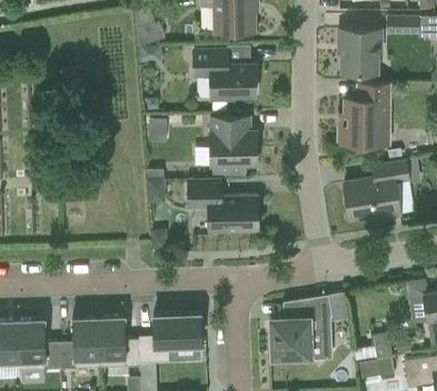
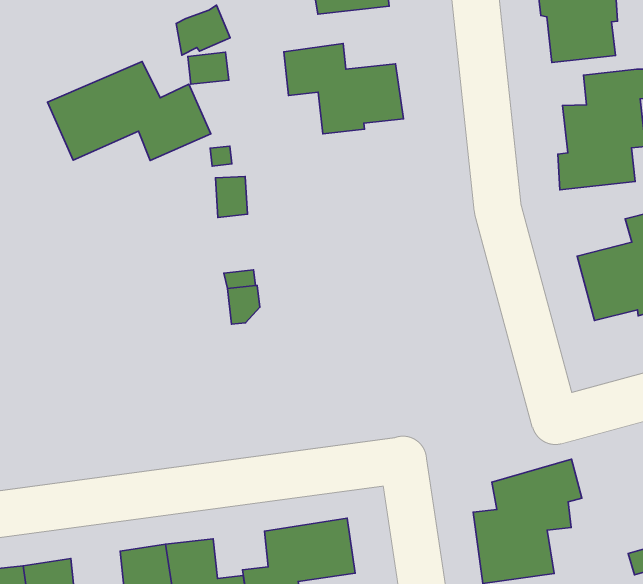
building: none -> [48,61,211,161]
building: [210,117,257,166] -> none
building: [188,179,258,232] -> none

